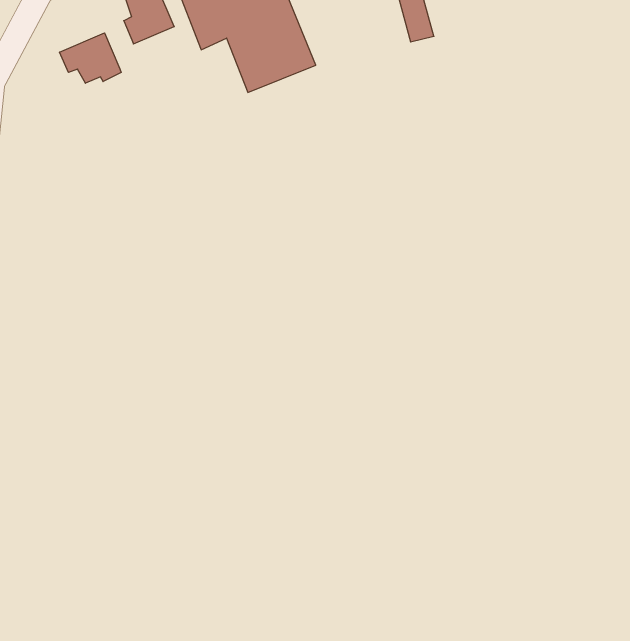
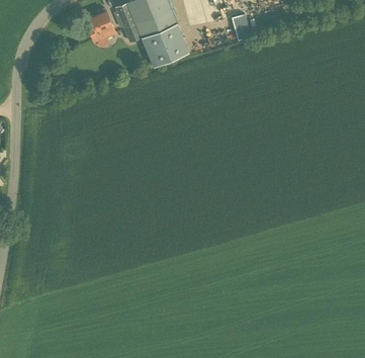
building: [60,33,121,83] -> none

